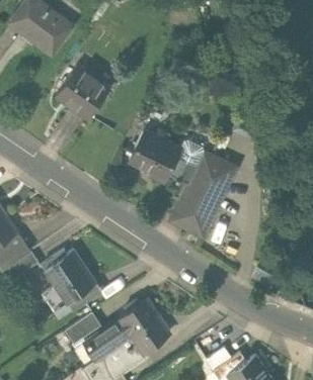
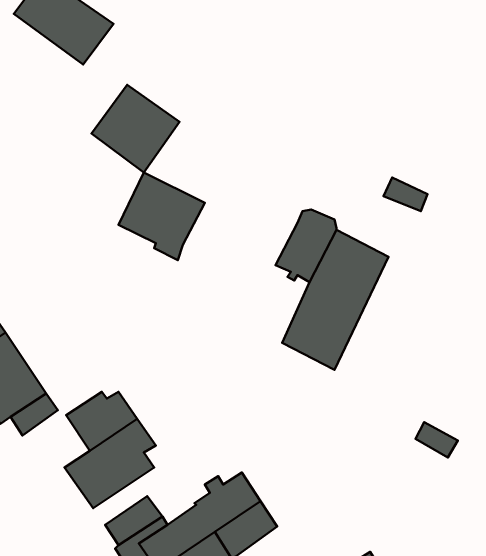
building: [129,131,180,184] -> [119,172,205,260]

